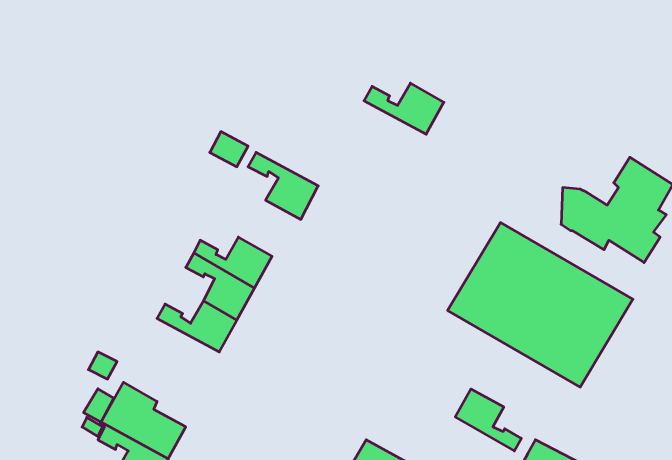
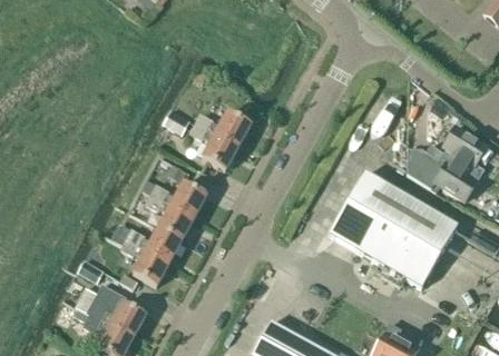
building: [364,83,444,134] -> [195,111,251,147]
building: none -> [121,239,169,285]
building: [455,389,521,451] -> none

